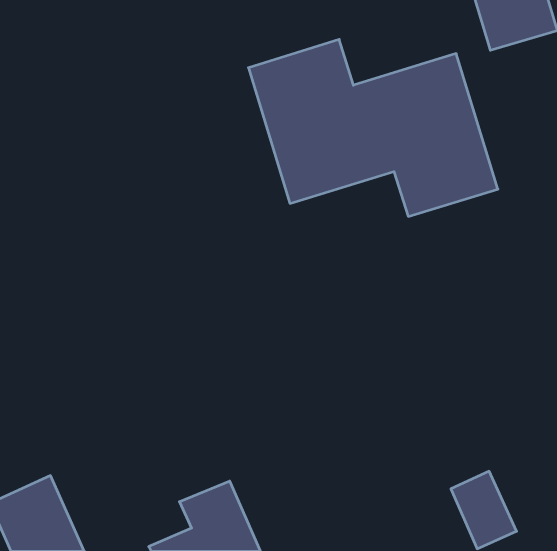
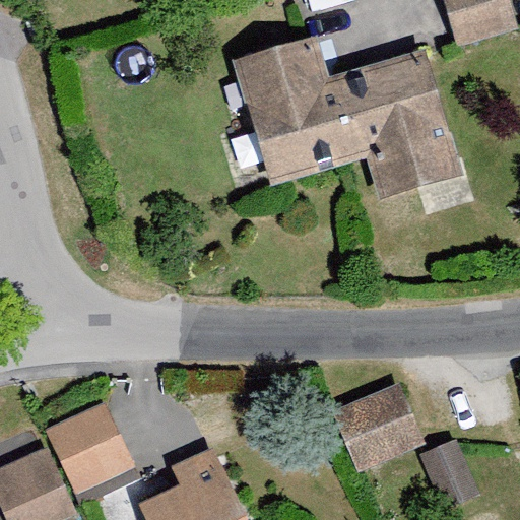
building: none -> [330,382,425,471]
building: none -> [45,401,135,493]

